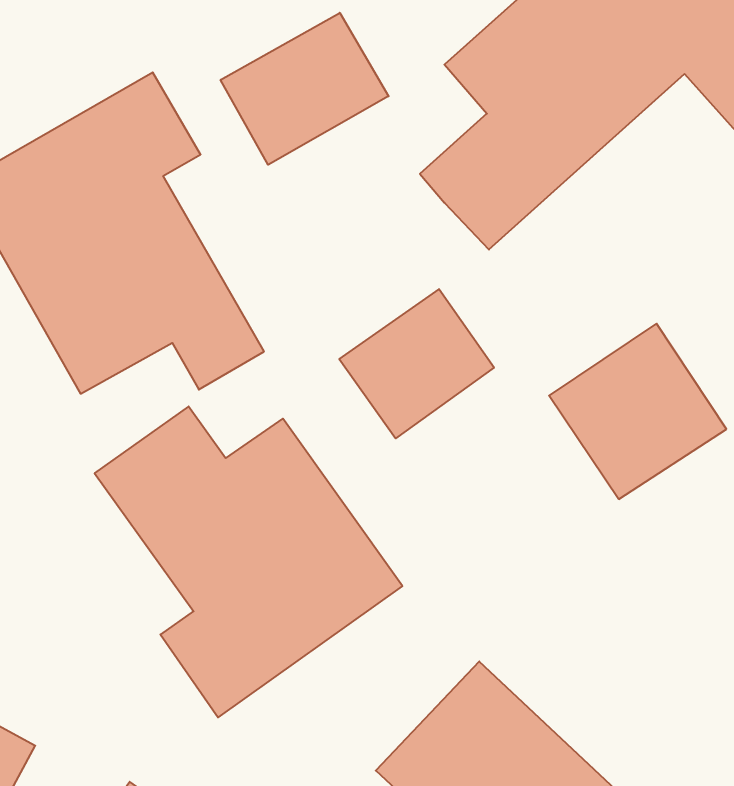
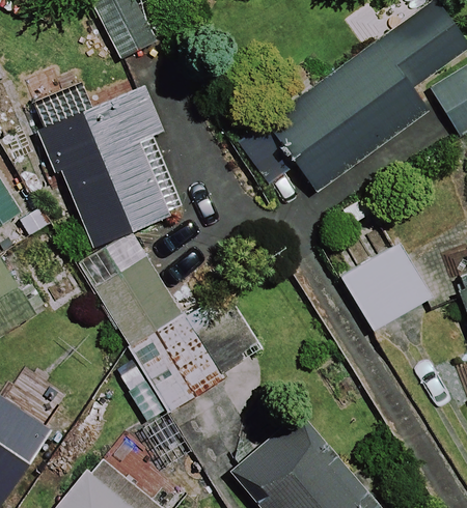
building: [221,13,389,165] -> none
building: [339,289,494,438] -> none

